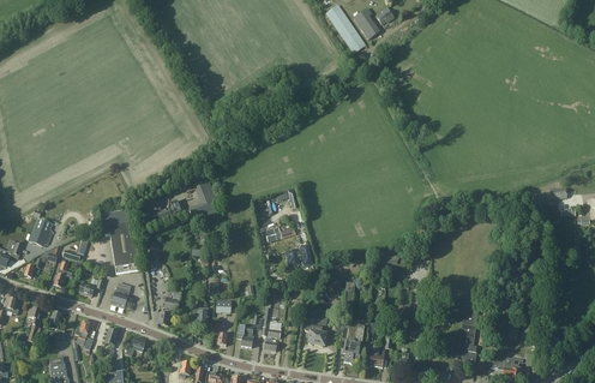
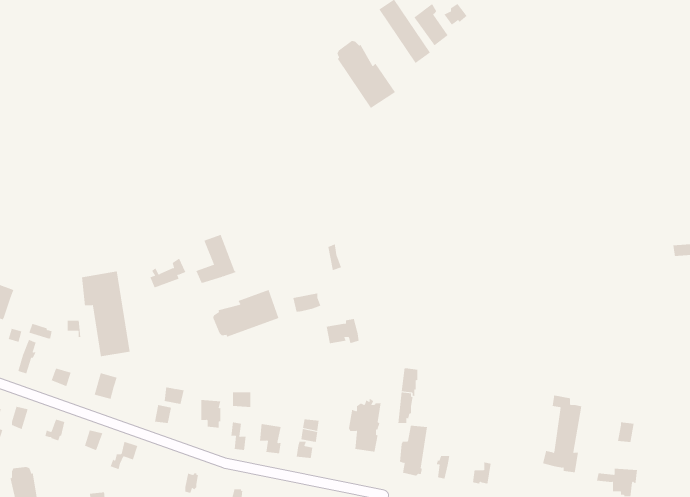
building: none -> [337,40,396,109]
building: none -> [213,289,279,337]

